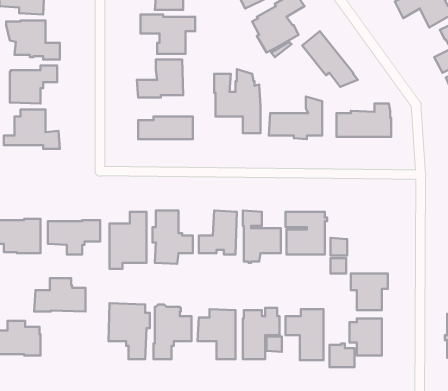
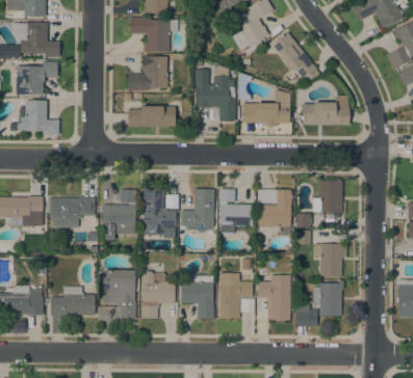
building: none -> [312,180,342,212]
building: [34,278,85,312] -> [50,286,95,315]

